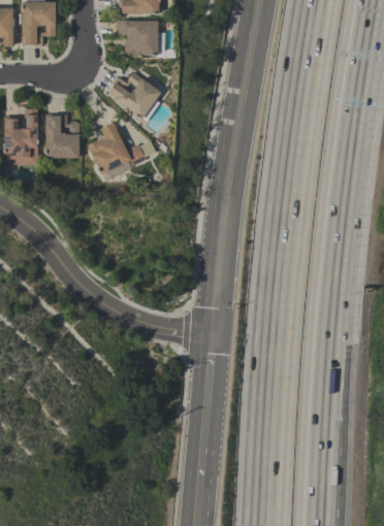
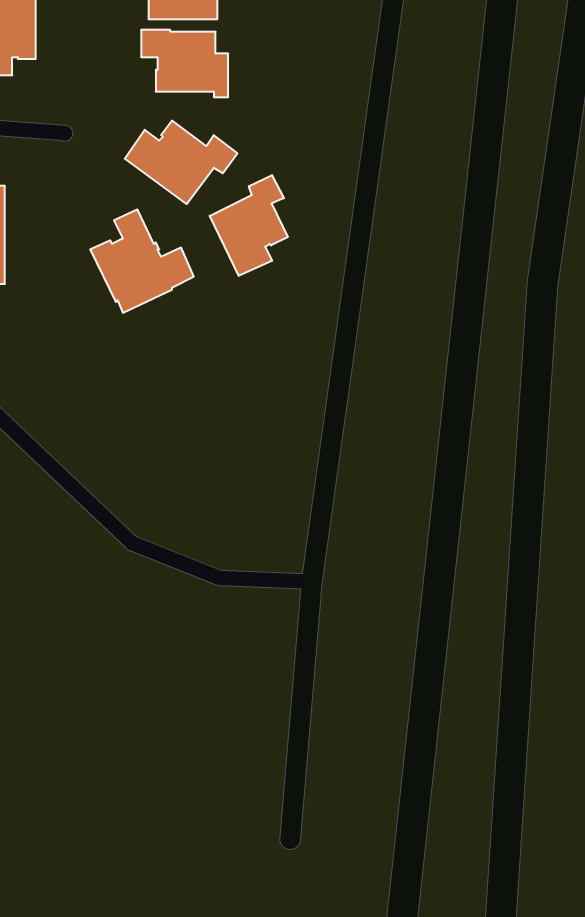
building: none -> [210,175,288,276]
building: [45,113,79,157] -> none

